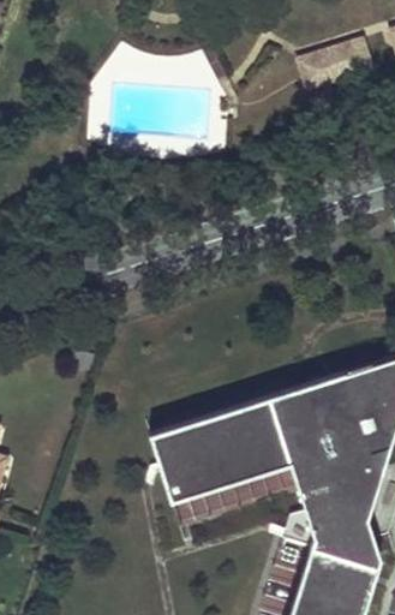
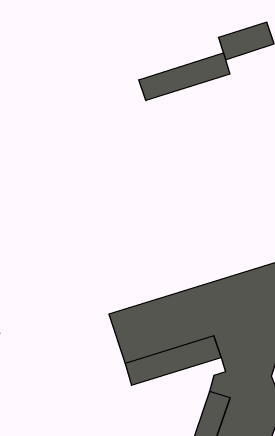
building: none -> [139,53,230,101]

